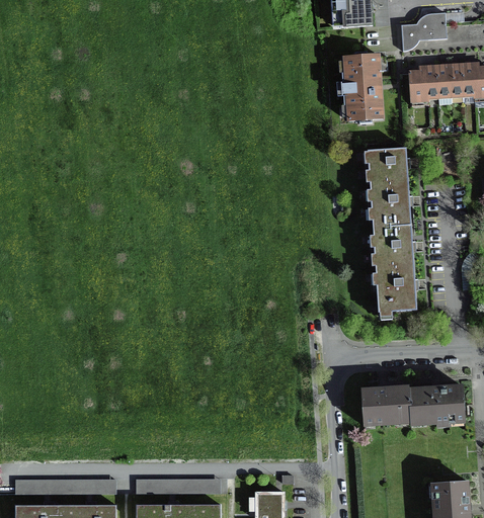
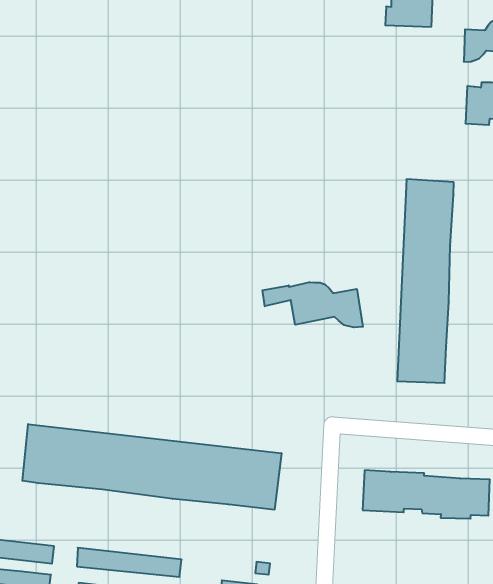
building: [341,53,388,124] -> none
building: none -> [262,282,363,327]
building: none -> [23,424,281,510]

